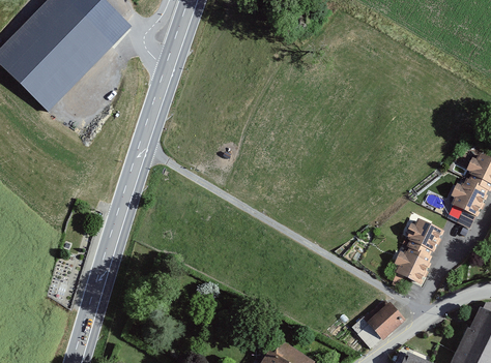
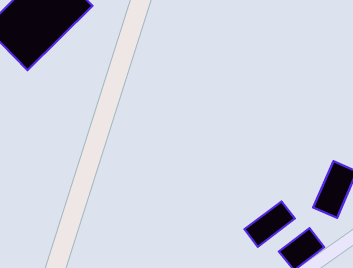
building: none -> [245,201,295,247]

